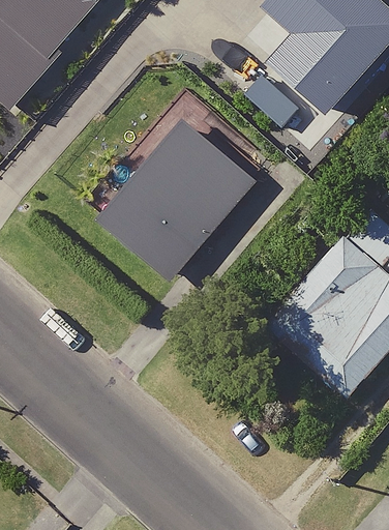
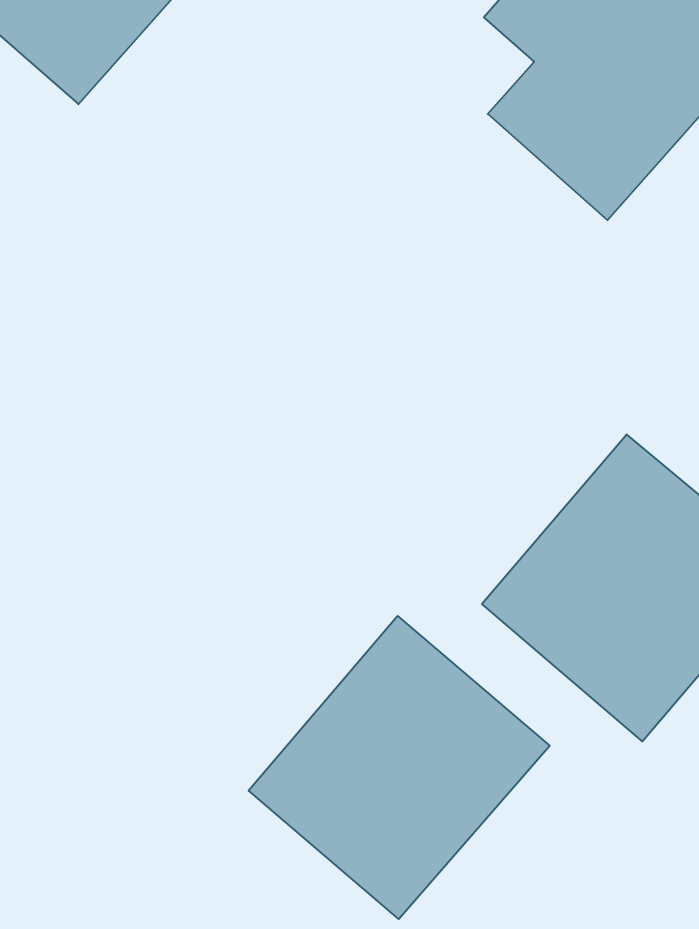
building: [98,119,256,282] -> none
building: none -> [249,616,550,919]

